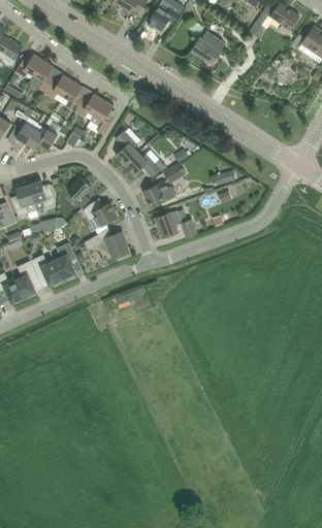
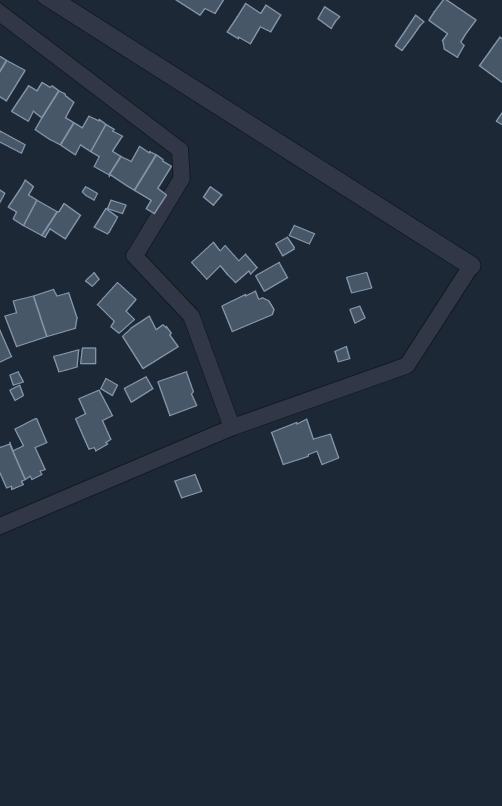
building: [191,31,224,64] -> none
building: [115,130,138,164] -> none
building: [155,209,196,237] -> [271,419,339,465]
building: [30,254,62,285] -> none

